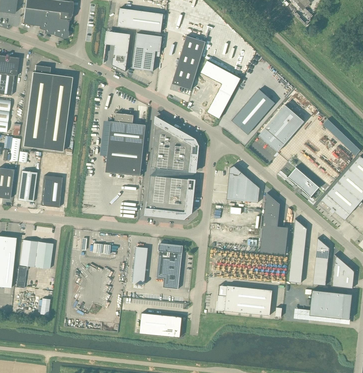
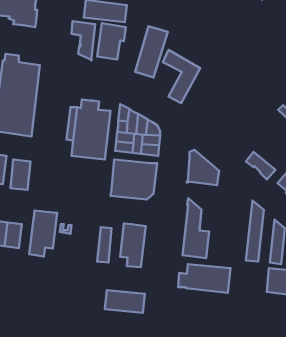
building: [232,89,275,134] -> none
building: [259,105,304,152] -> none
building: [260,192,288,255] -> [182,198,209,258]
building: none -> [29,211,57,257]

